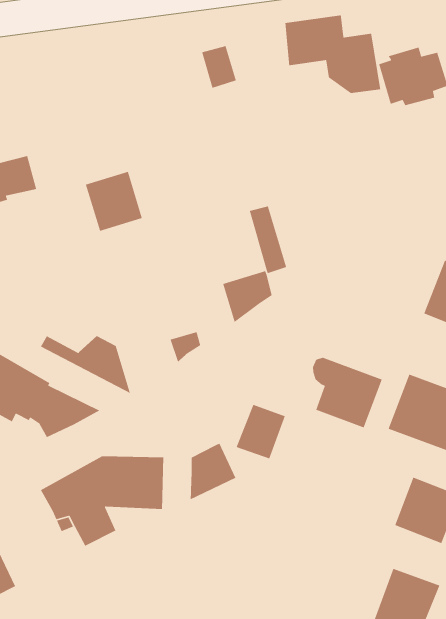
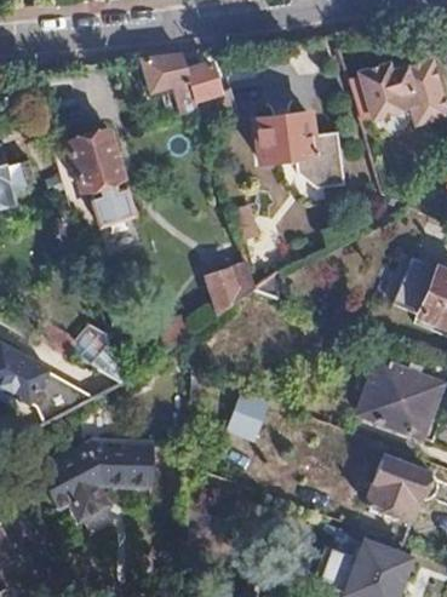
building: [285,14,381,94] -> [259,114,348,186]
building: none -> [143,51,199,108]
building: none -> [69,130,125,189]
building: [312,357,383,428] -> none
building: [190,443,237,500] -> none

